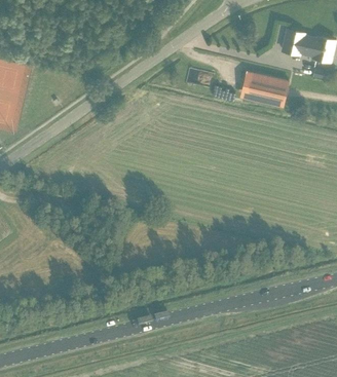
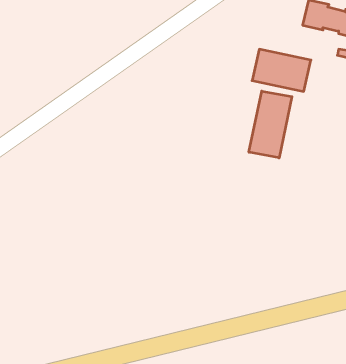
building: none -> [249,91,292,158]

